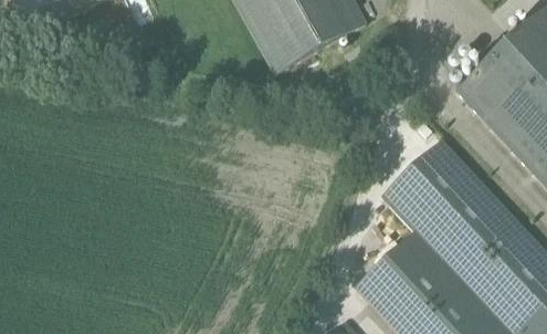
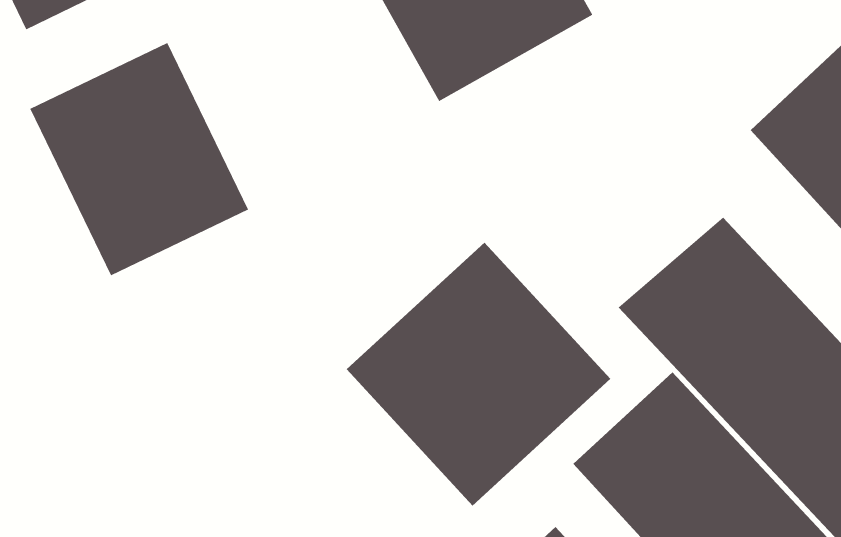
building: none -> [30,42,249,276]
building: none -> [346,242,611,506]

